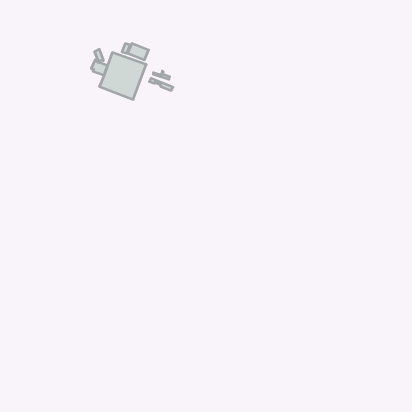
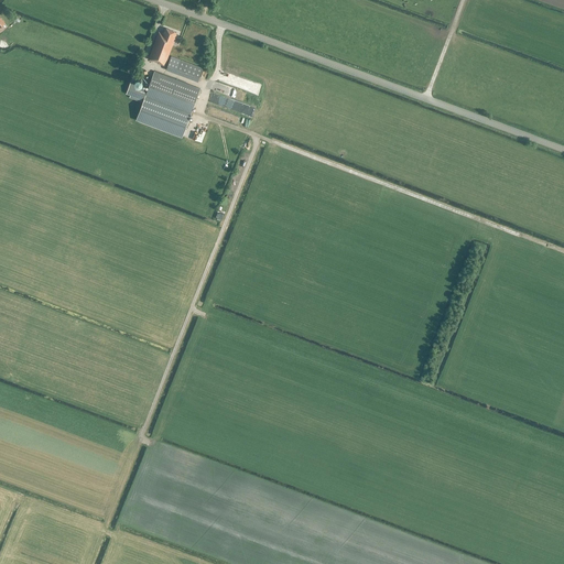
building: none -> [149,29,176,67]

